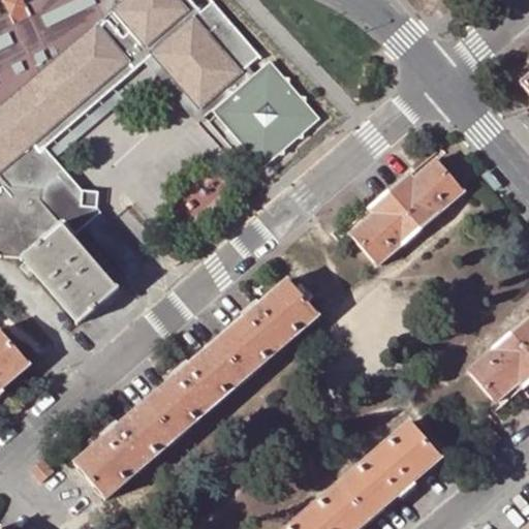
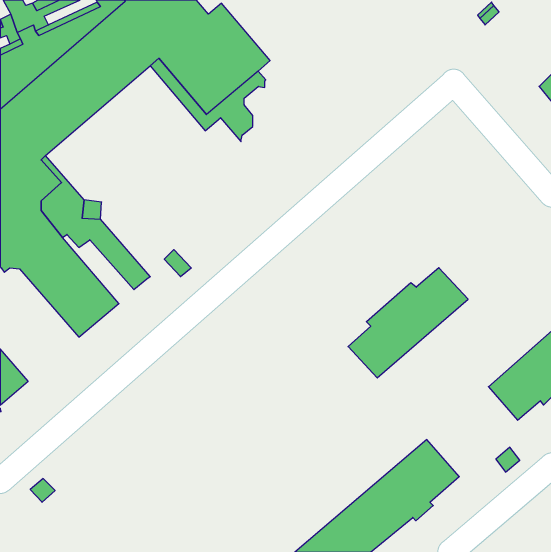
building: [231,66,317,167] -> none
building: [348,158,463,263] -> [348,268,468,378]
building: [71,277,317,500] -> none

